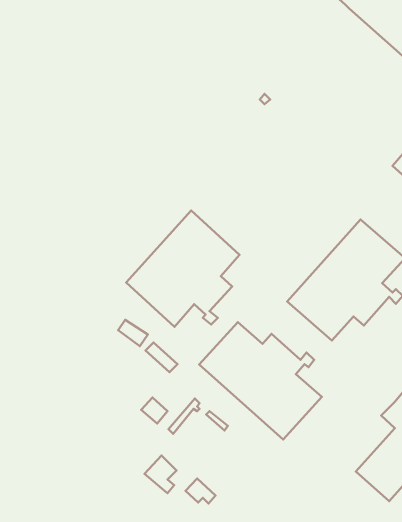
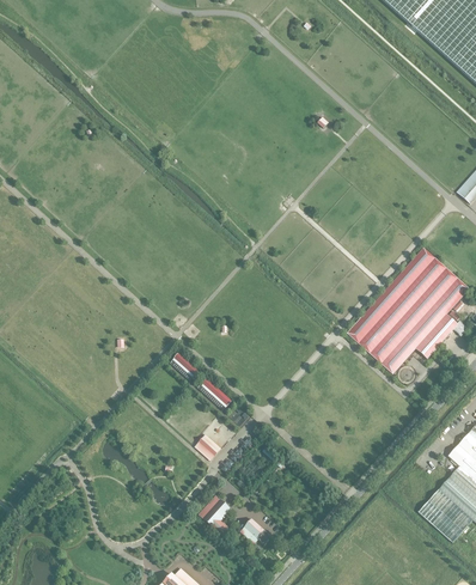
building: [126,210,240,327] -> none
building: [199,322,322,439] -> none

